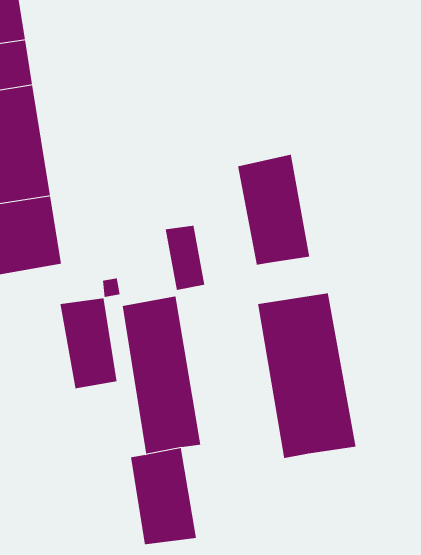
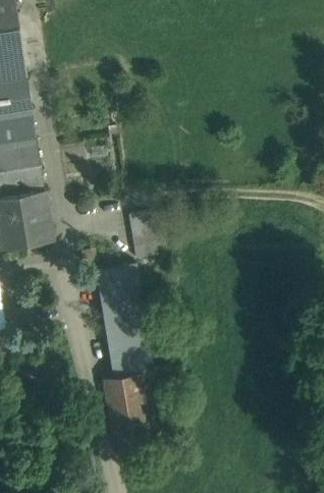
building: [238,154,310,266] -> none
building: [258,292,356,459] -> none
building: [60,297,117,389] -> none

